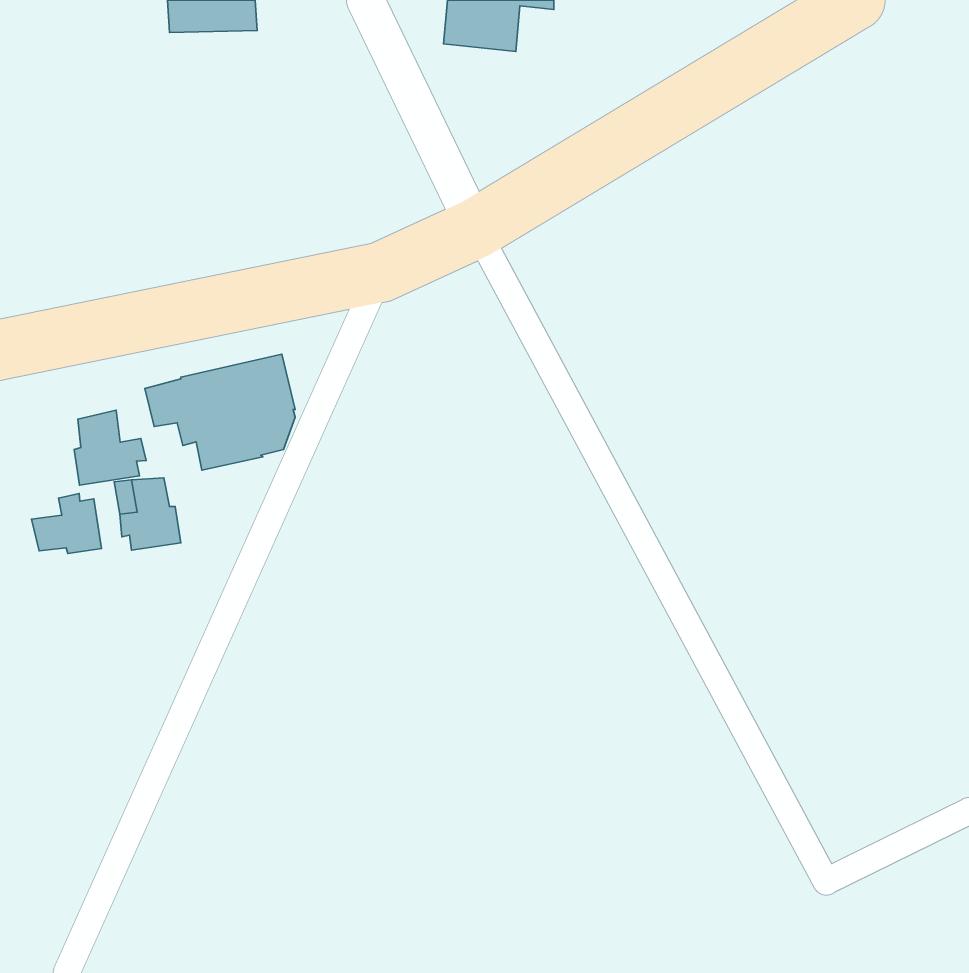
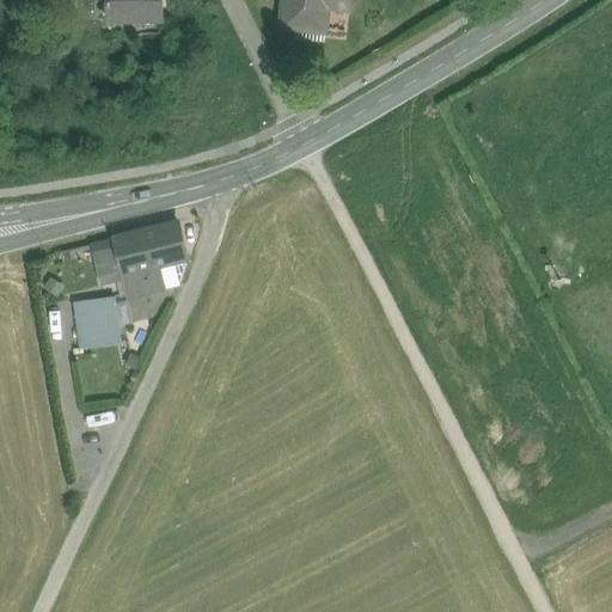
building: [74,410,146,485] -> none
building: [32,493,102,553] -> none

